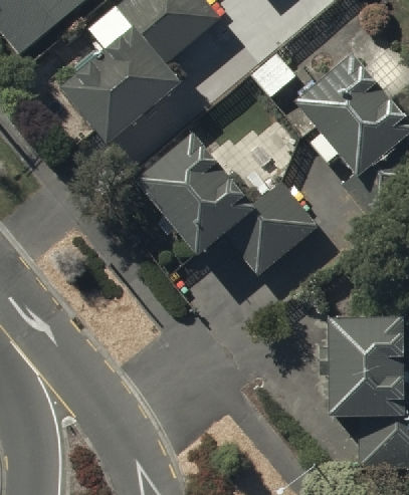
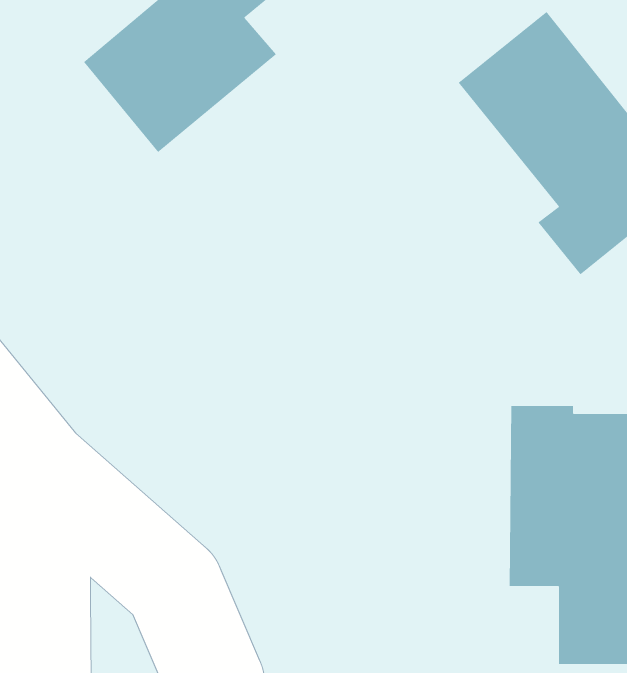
building: [137,135,318,269] -> none

